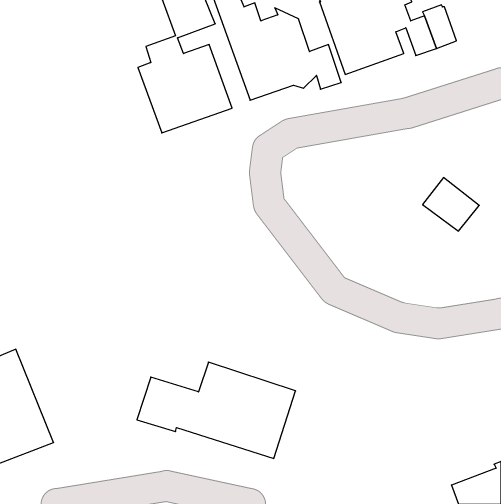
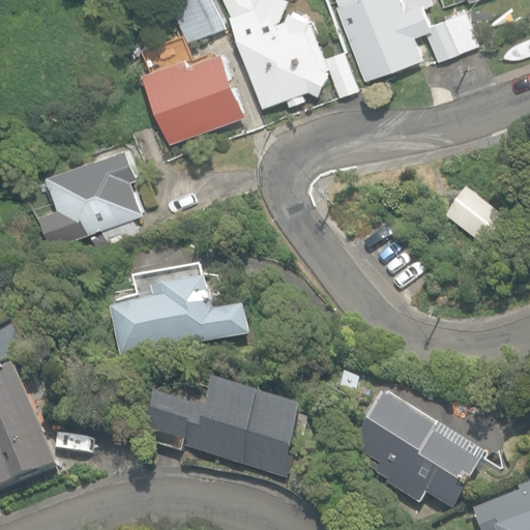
building: none -> [43,140,147,245]
building: none -> [107,267,246,354]
building: none -> [351,392,483,506]

